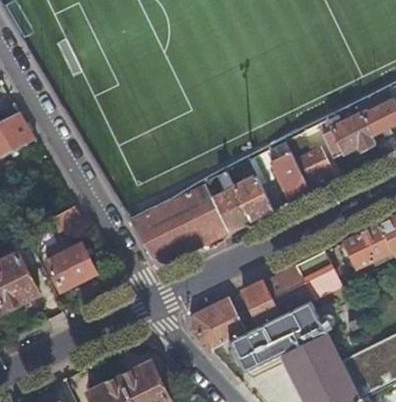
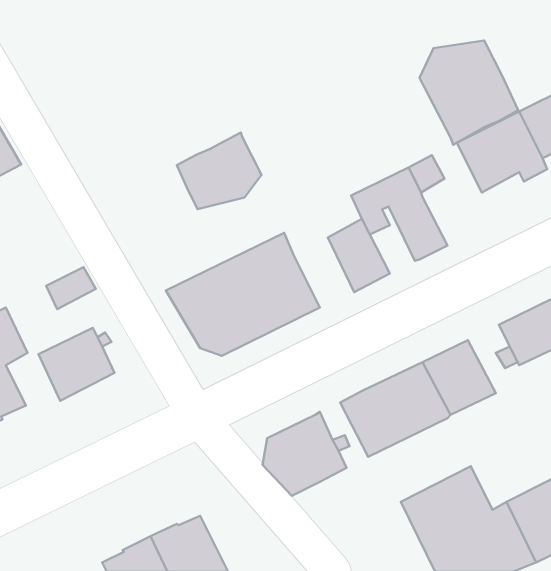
building: none -> [420,40,518,145]
building: none -> [177,133,262,209]
building: [295,148,330,191] -> none
building: [212,186,251,231] -> none
building: [229,302,326,374] -> none

